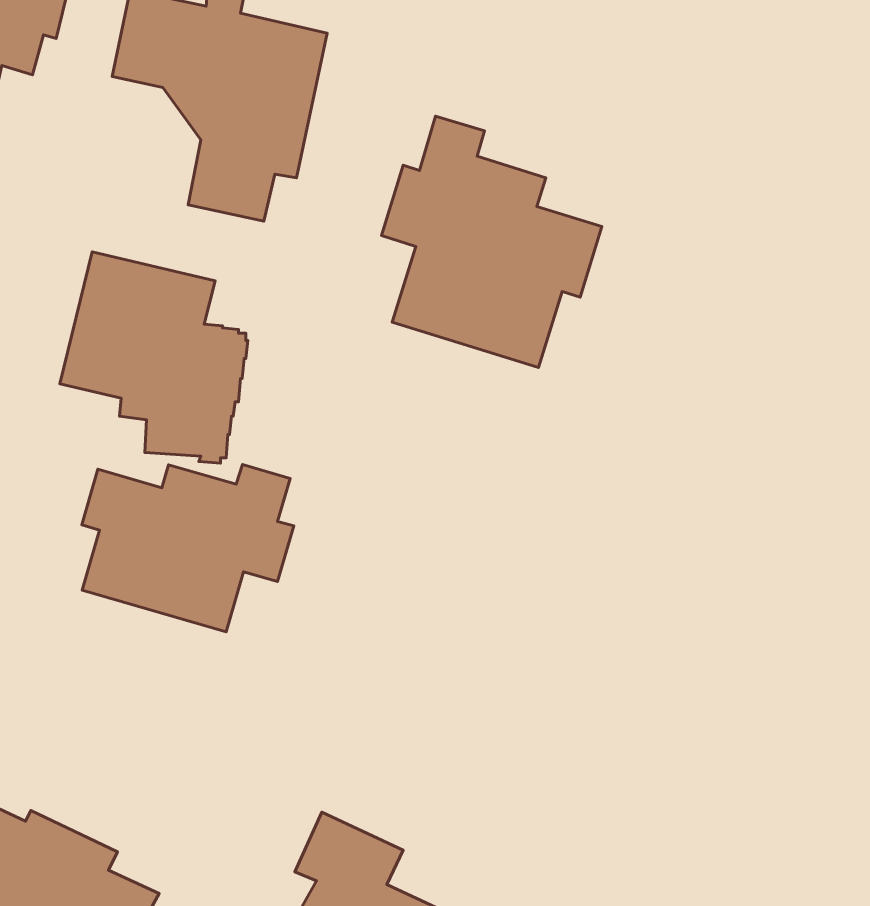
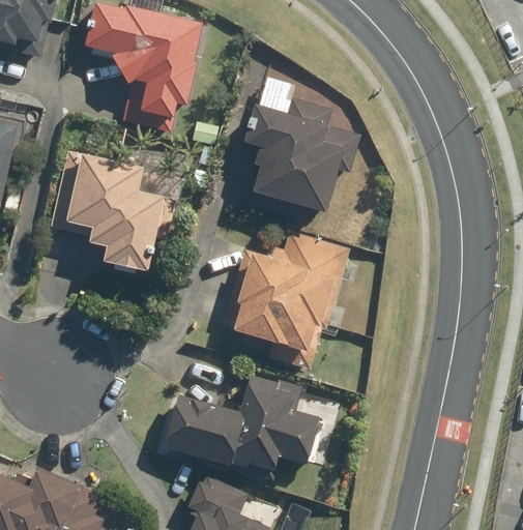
building: none -> [223,228,351,370]
building: [82,464,294,632] -> none
building: none -> [162,372,321,470]

